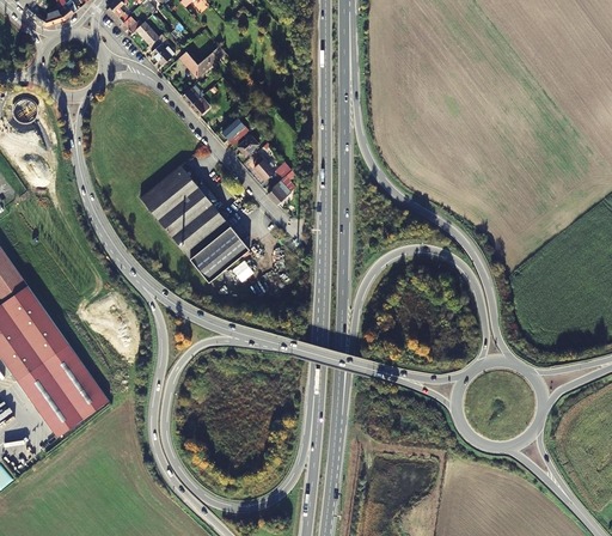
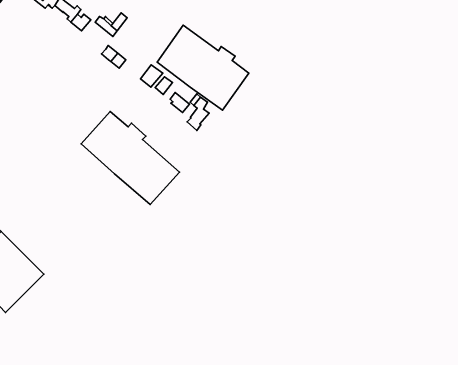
building: none -> [157,25,249,110]
building: [17,343,109,437] -> none

